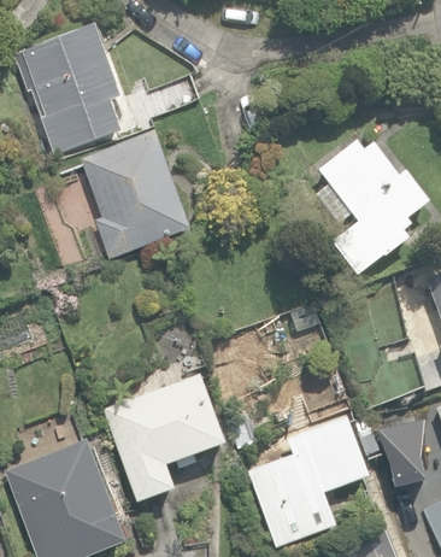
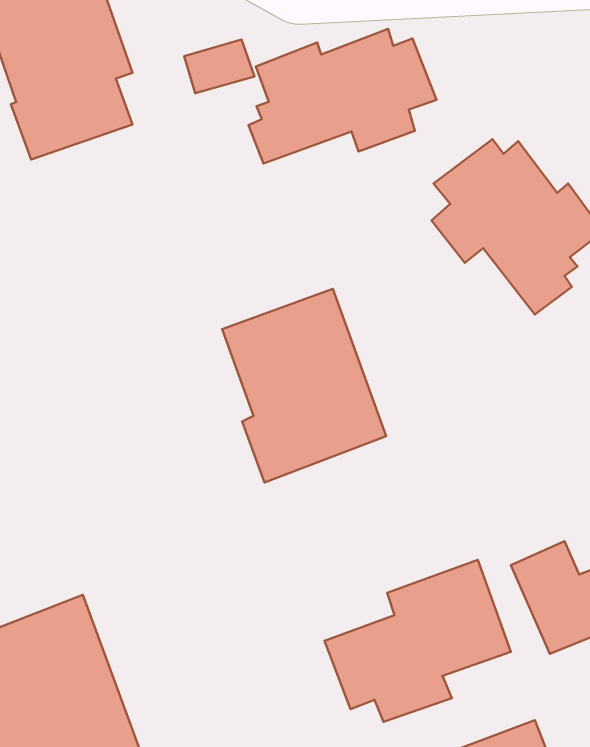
building: none -> [248,29,436,164]
building: [81,133,188,259] -> [222,289,386,482]
building: [100,373,224,505] -> none

